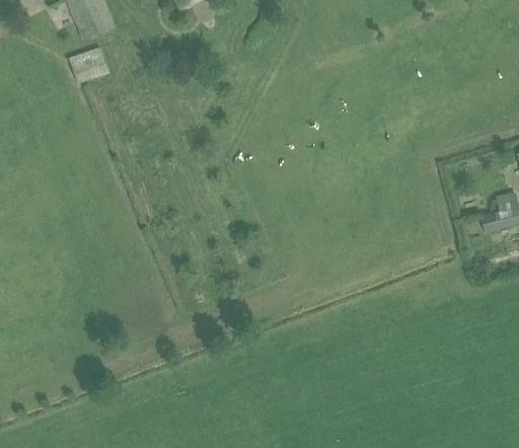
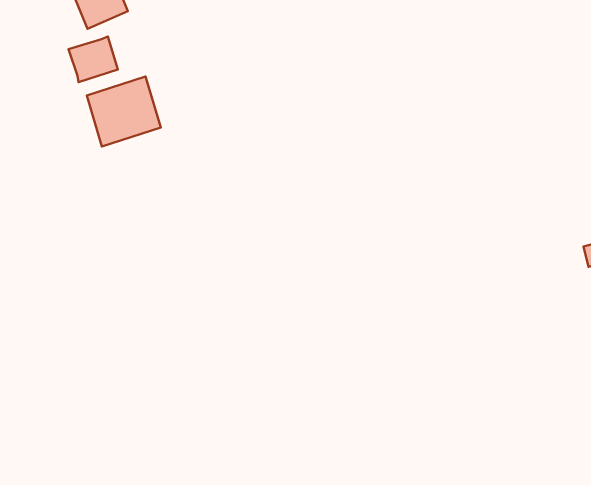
building: none -> [87,77,161,146]

